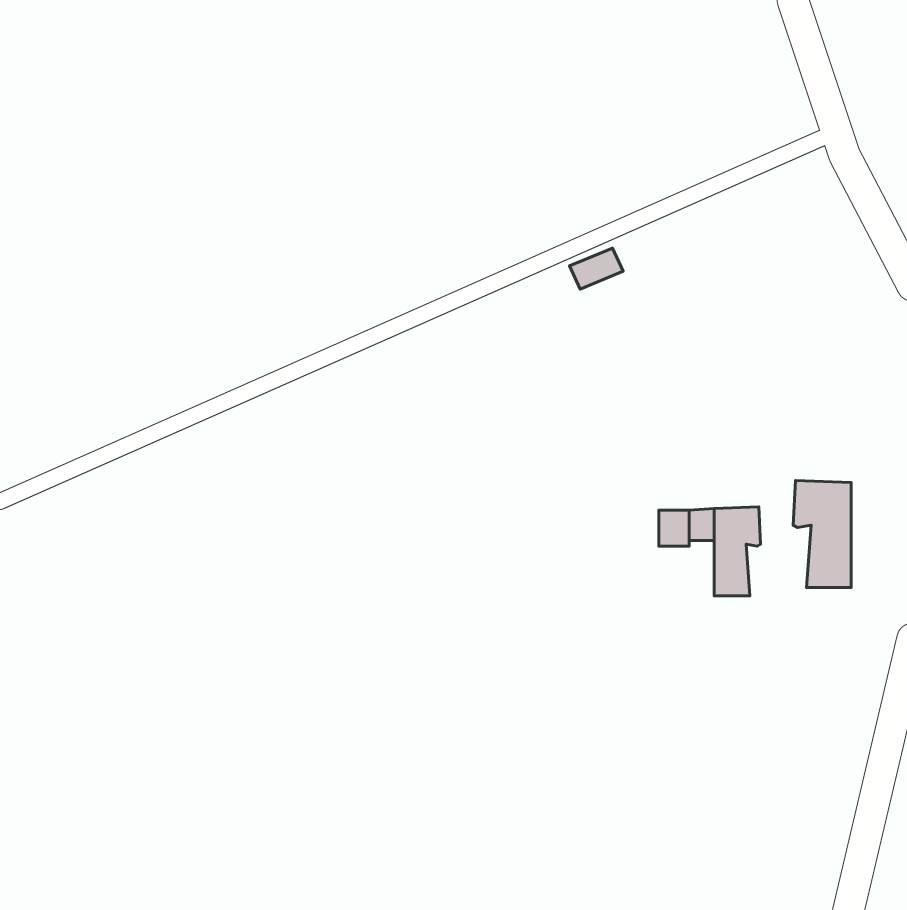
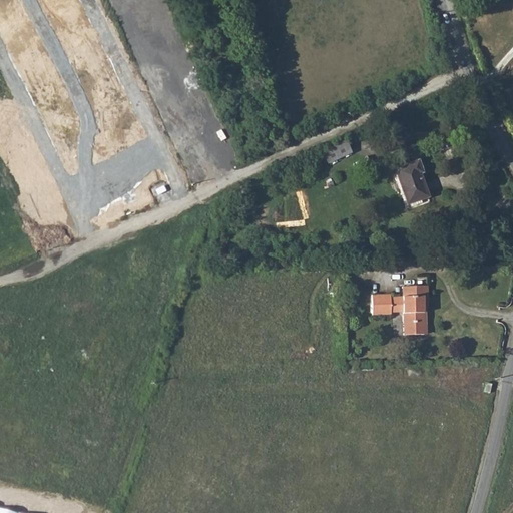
building: none -> [397,161,430,205]
building: [793,480,851,587] -> none

